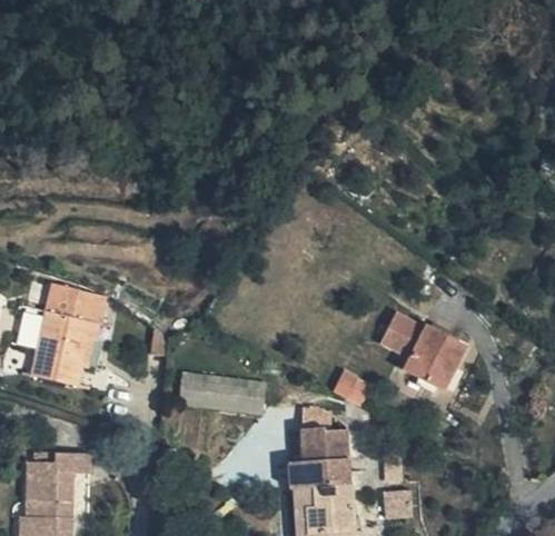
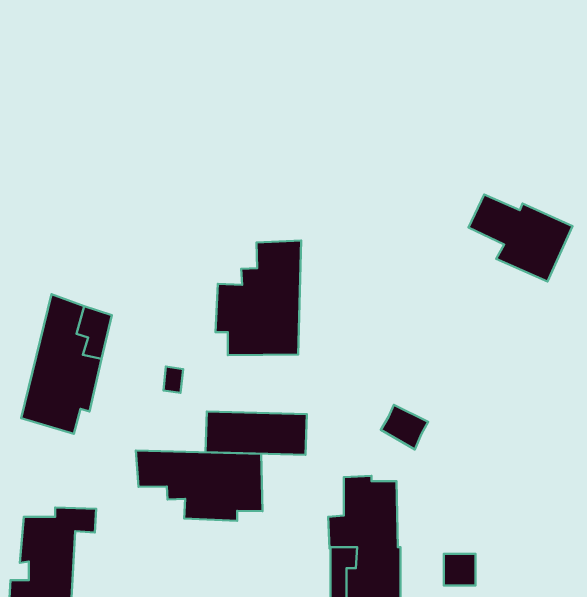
building: none -> [215,240,301,355]
building: [377,315,465,388] -> [469,194,573,281]
building: none -> [136,450,262,521]

